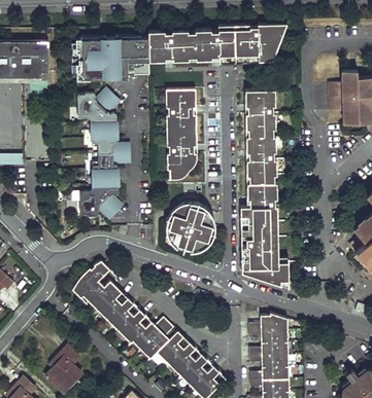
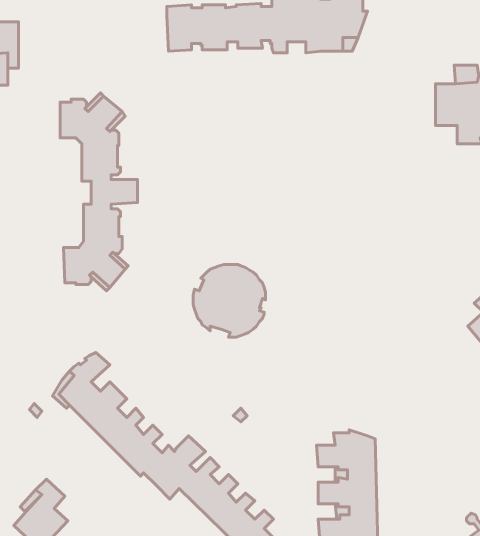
building: [75,38,149,80] -> none
building: [166,89,197,180] -> none
building: [240,91,289,286] -> none

